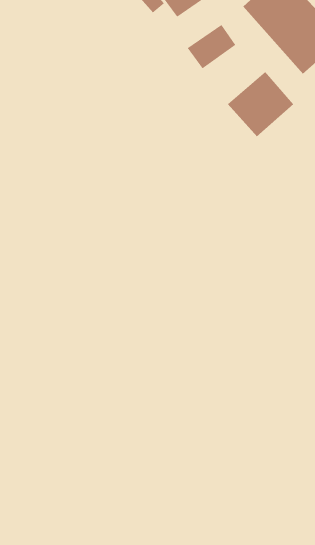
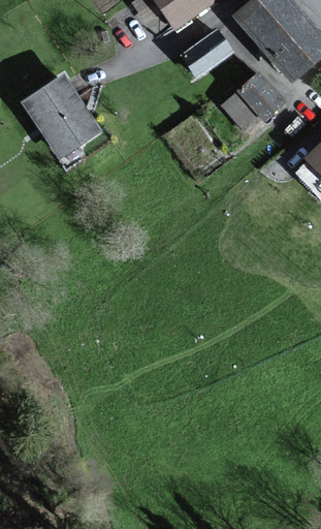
building: none -> [23,75,99,156]

